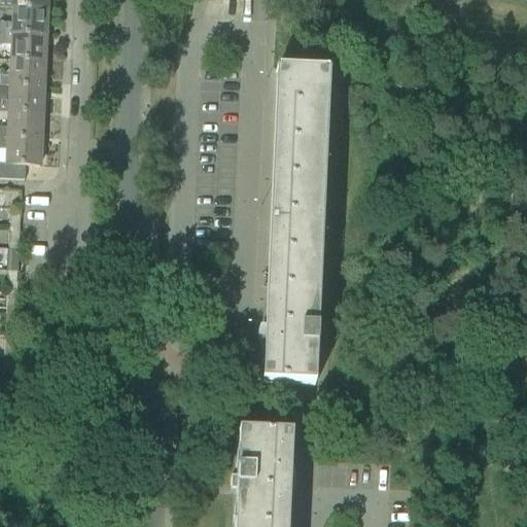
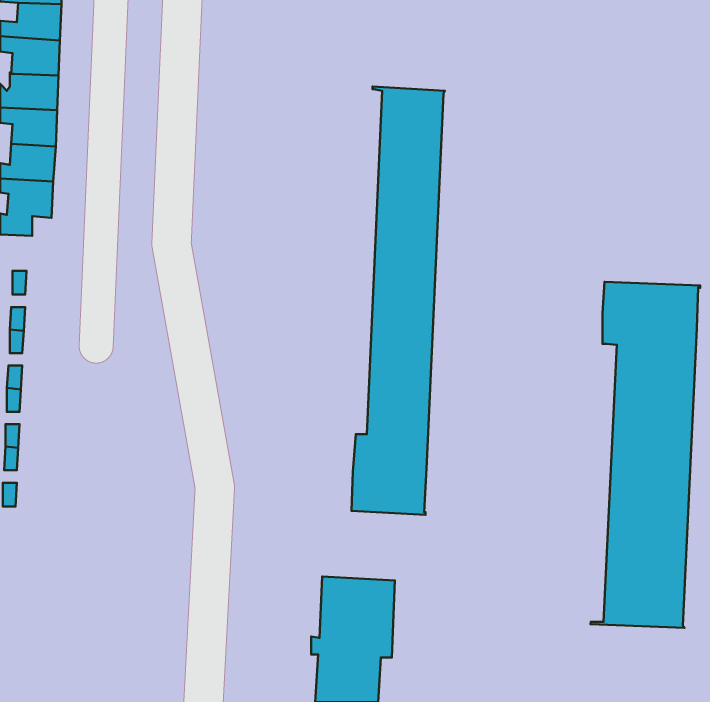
building: none -> [591,282,700,628]

